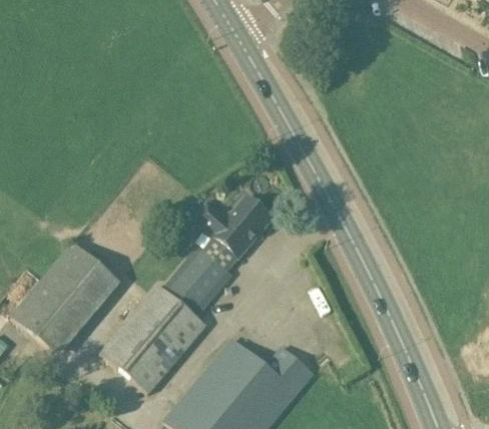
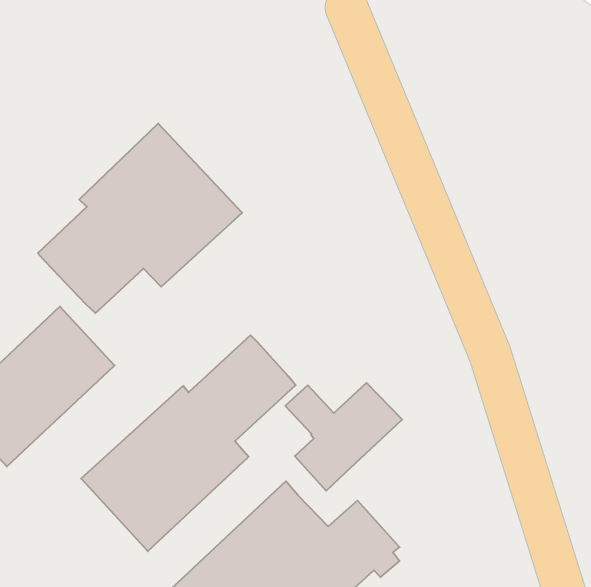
building: none -> [38,123,242,313]
building: [195,196,273,270] -> [285,383,402,491]

